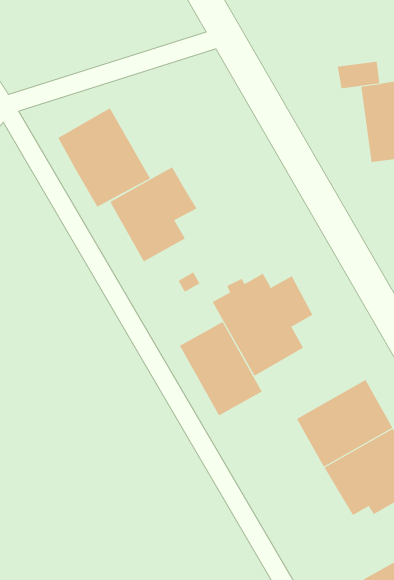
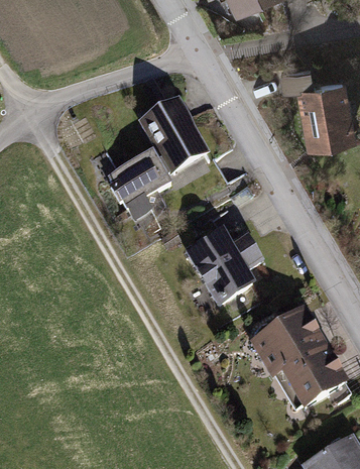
building: [57,108,151,208] -> [138,94,210,170]
building: [179,321,263,416] -> none

